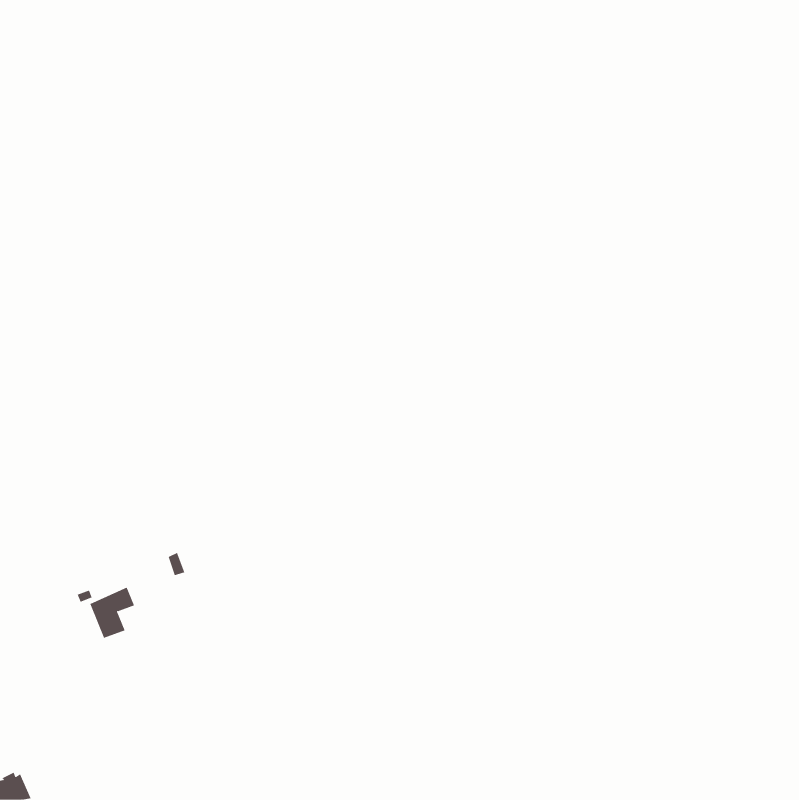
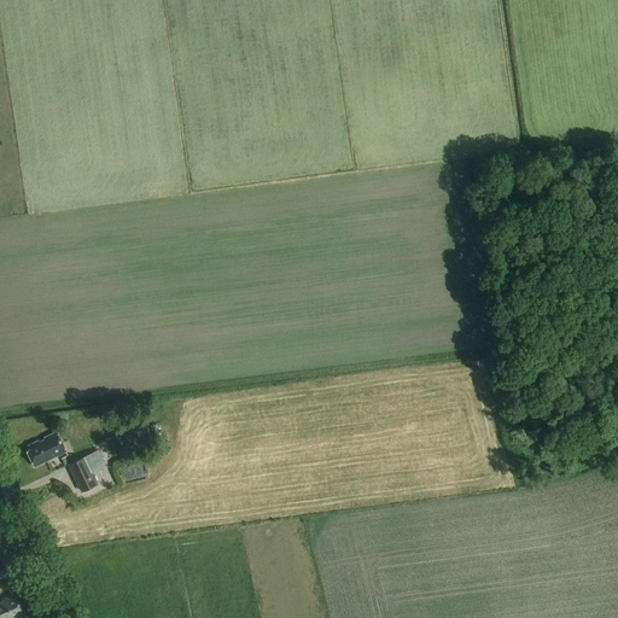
building: none -> [25,431,64,465]

